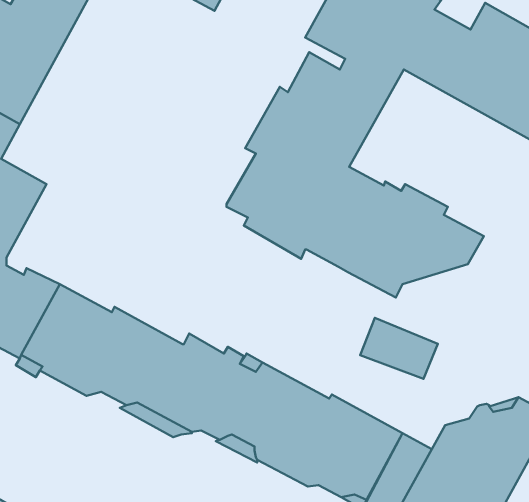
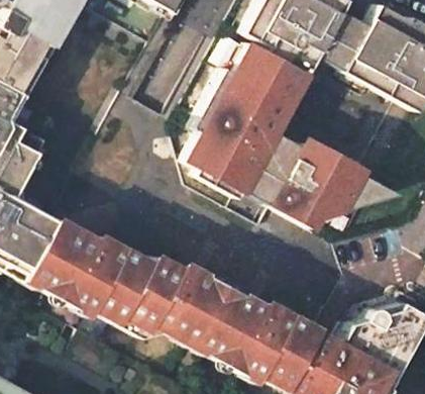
building: [360,318,438,379] -> none

